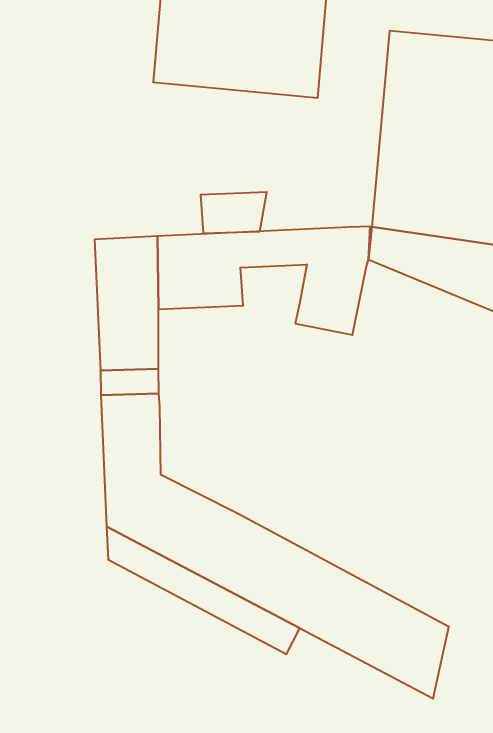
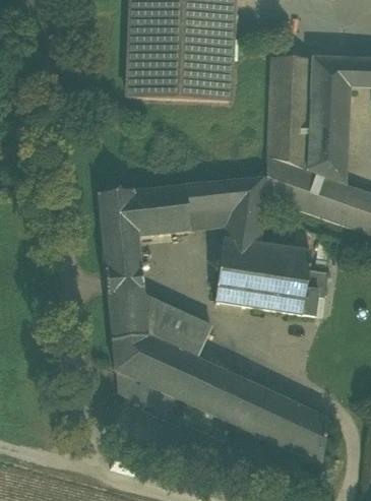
building: [200,192,267,233] -> [187,201,228,229]
building: none -> [213,238,326,315]
building: none -> [142,294,209,357]

